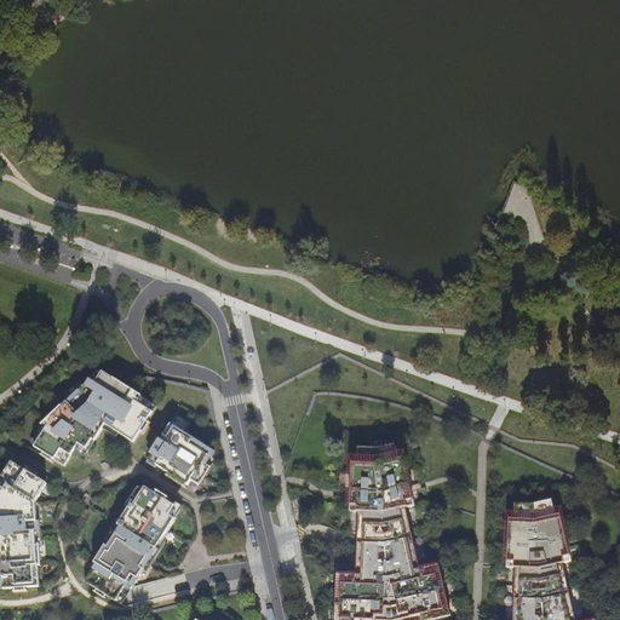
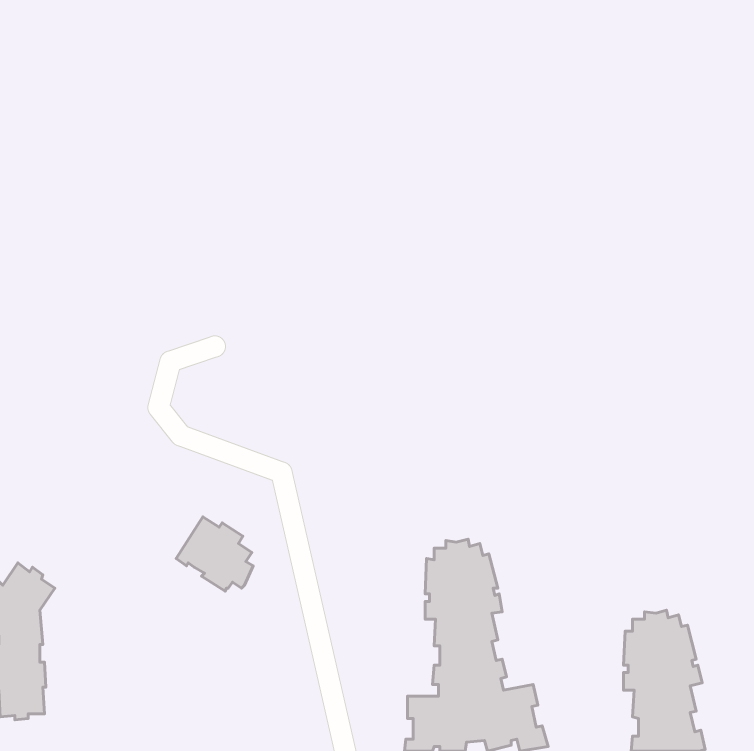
building: [31,369,151,459] -> none
building: [84,482,172,596] -> none

